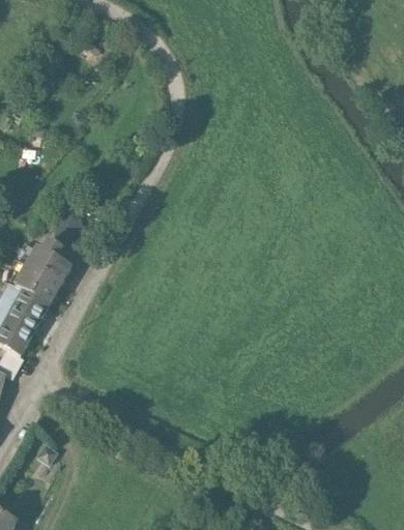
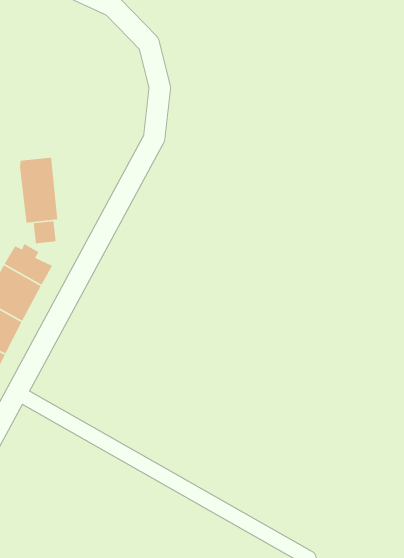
building: none -> [19,157,58,223]

